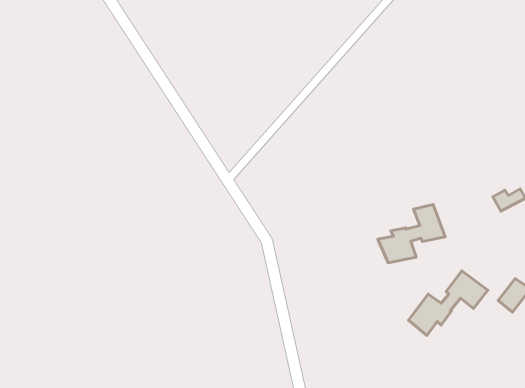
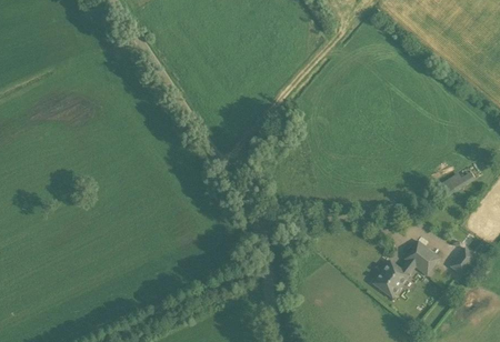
building: [378,204,445,263] -> none

